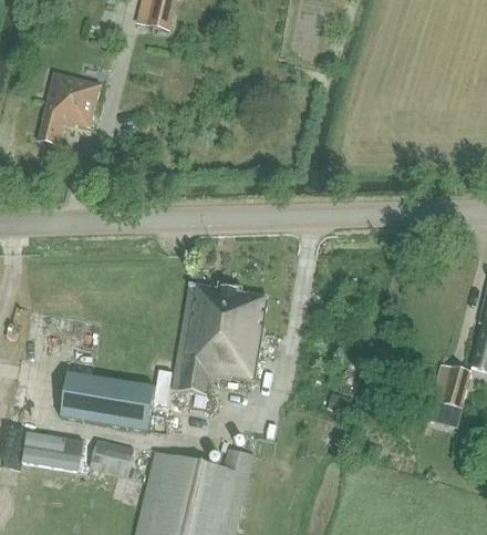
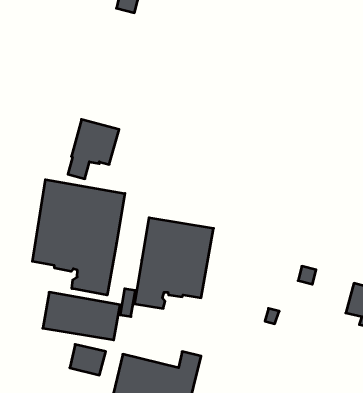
building: [39,72,102,145] -> [68,119,119,179]
building: none -> [32,180,125,295]
building: [20,428,85,470] -> none

